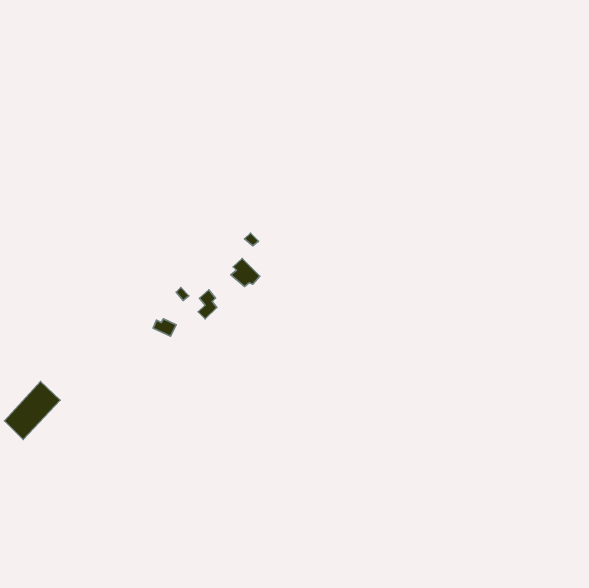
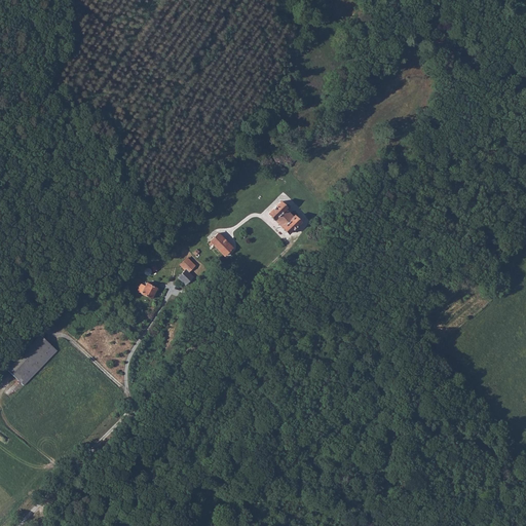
building: none -> [269,199,300,229]

